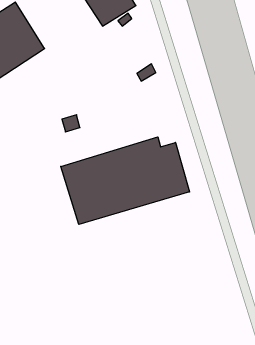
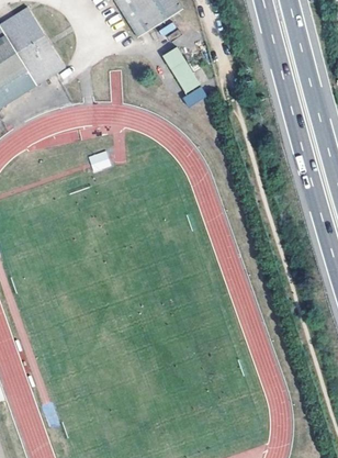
building: none -> [162,46,199,91]
building: [61,137,190,224] -> none

